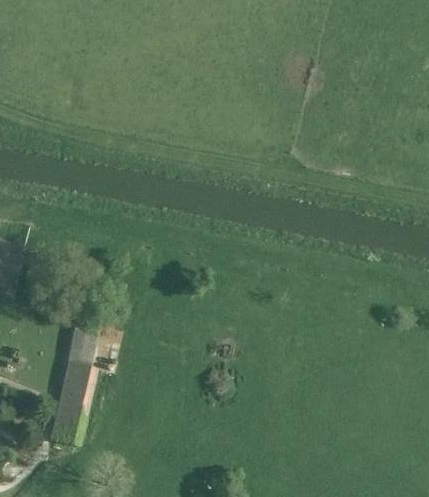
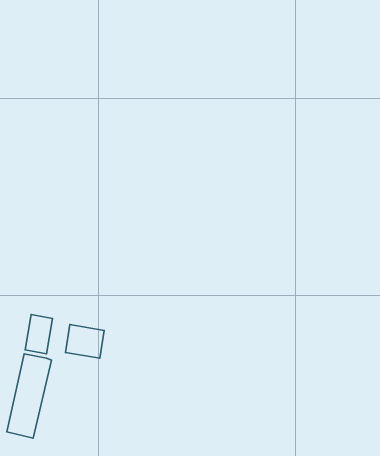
building: none -> [65,325,104,358]

